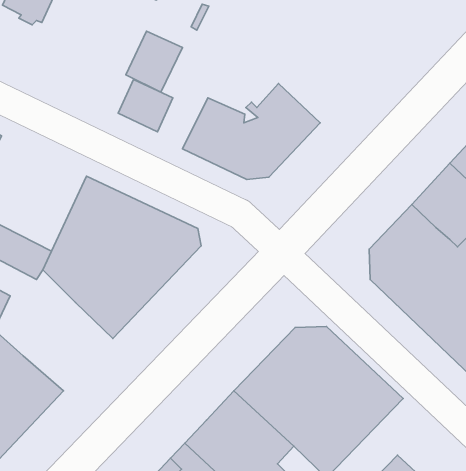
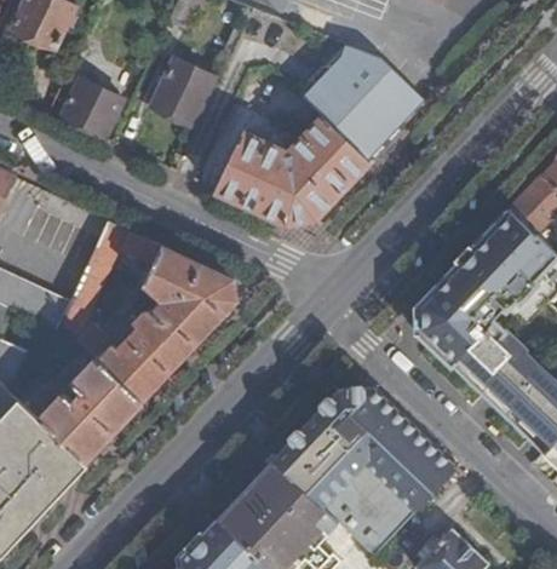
building: none -> [298,47,424,161]
building: [118,79,173,132] -> [62,80,122,138]
building: none -> [38,361,137,459]

